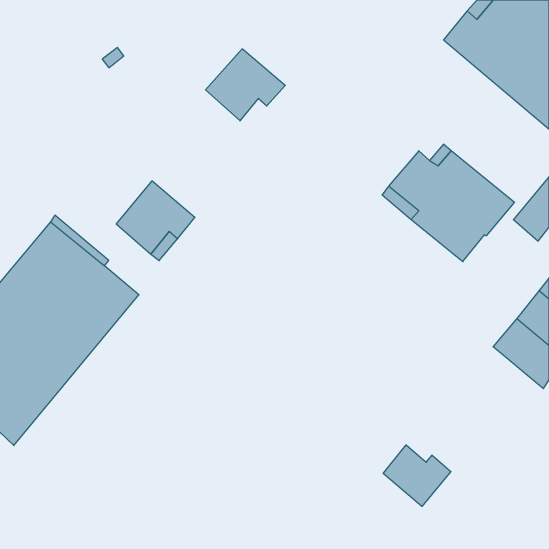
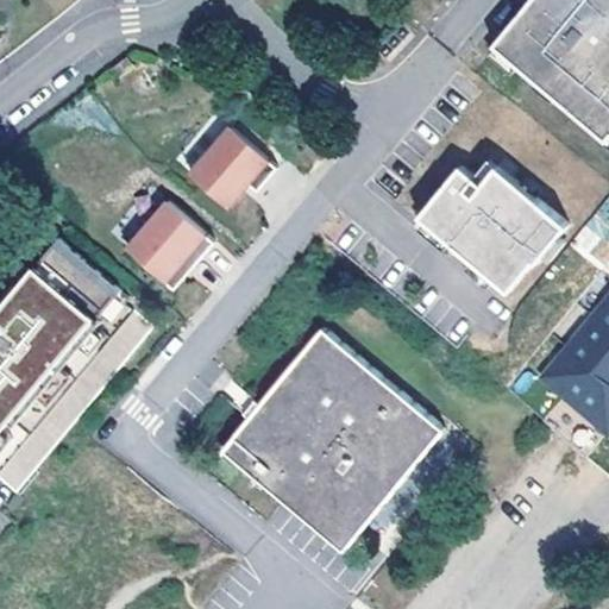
building: [206,49,285,121] -> [193,128,281,208]
building: none -> [215,327,435,546]
building: [383,445,451,506] -> none

